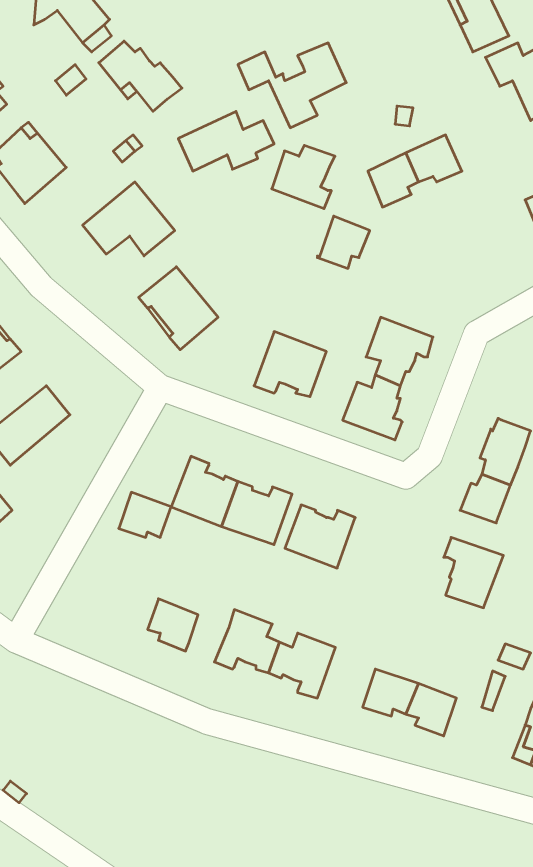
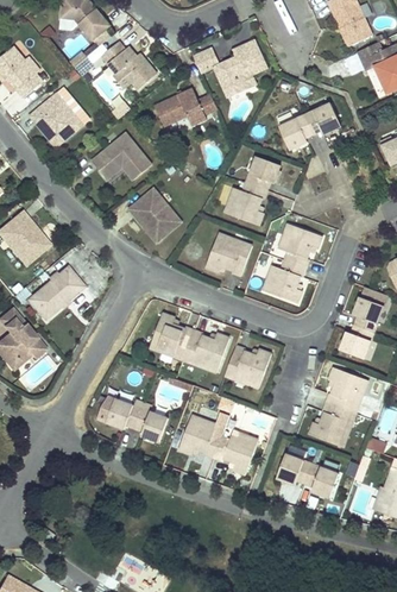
building: [272,145,335,209] -> [226,183,267,225]
building: [119,492,171,537] -> [108,398,143,428]
building: none -> [310,405,357,446]

